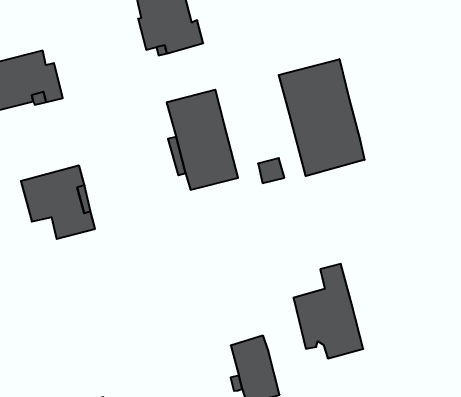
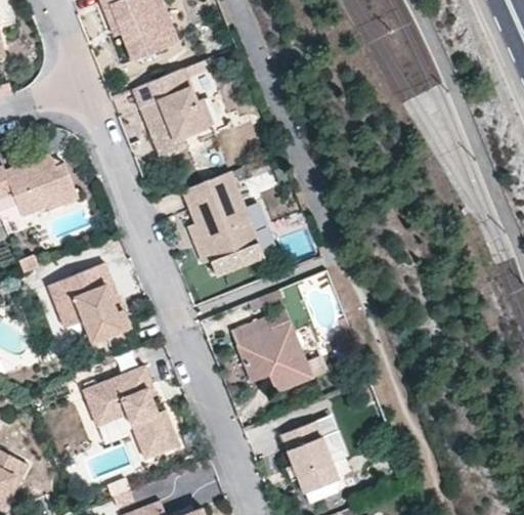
building: [279,59,365,176] -> none
building: [293,264,363,358] -> [233,289,311,387]
building: none -> [81,364,178,455]

